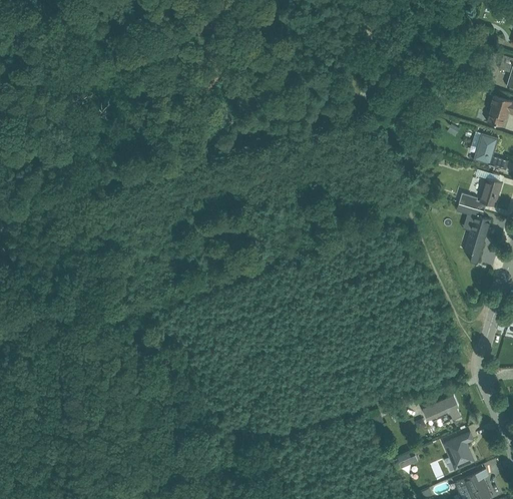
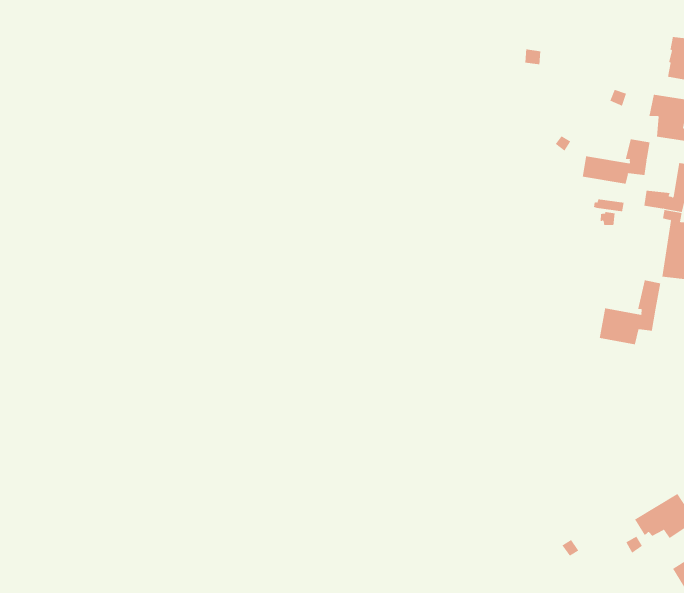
building: none -> [582,139,650,184]
building: none -> [599,280,661,345]

